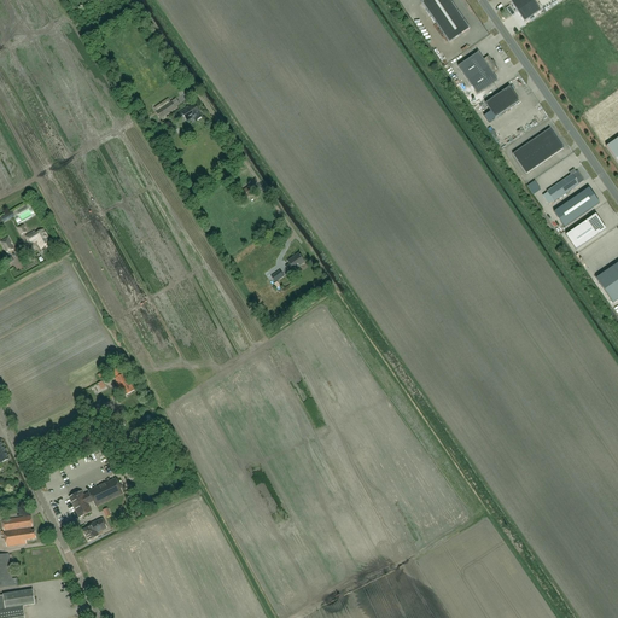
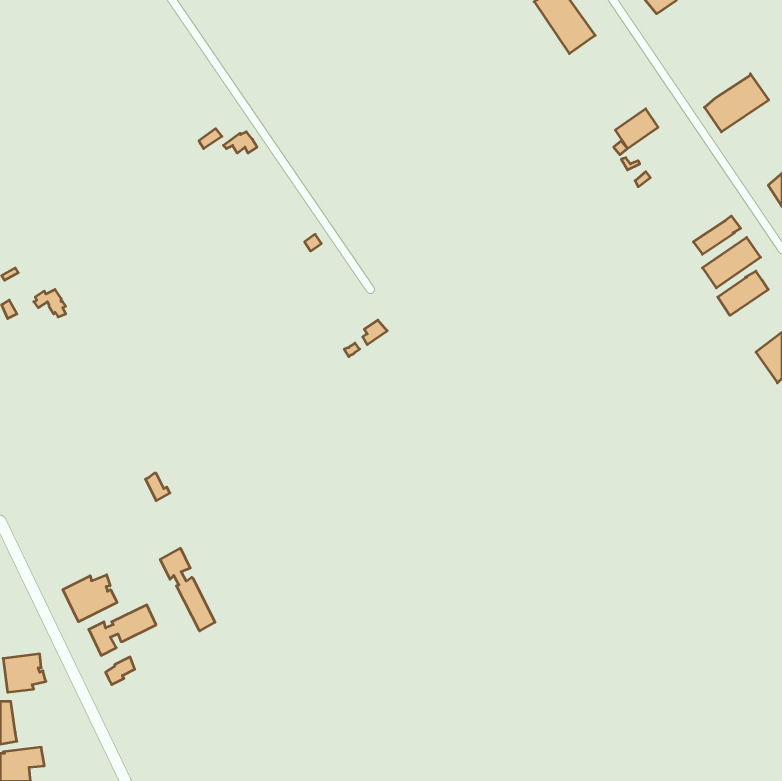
building: [457,51,499,93] -> none
building: [513,127,564,173] -> [704,74,769,132]
building: none -> [160,548,215,631]
building: none -> [63,575,117,622]

